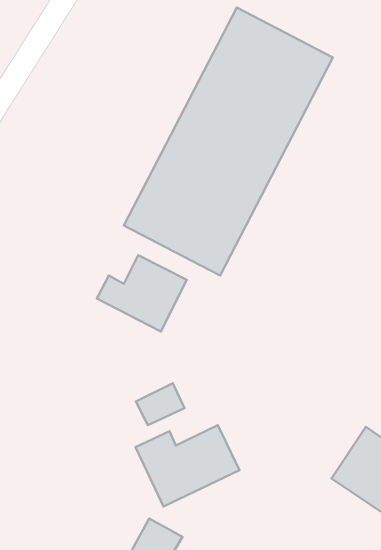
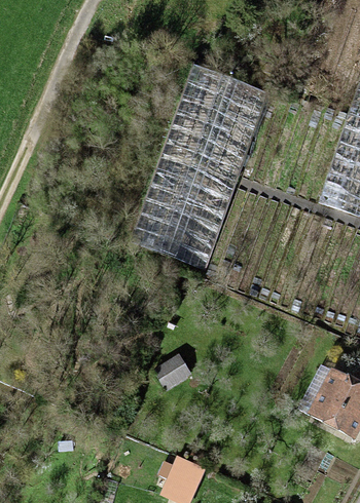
building: [97,255,187,331] -> none
building: [135,425,240,506] -> none

